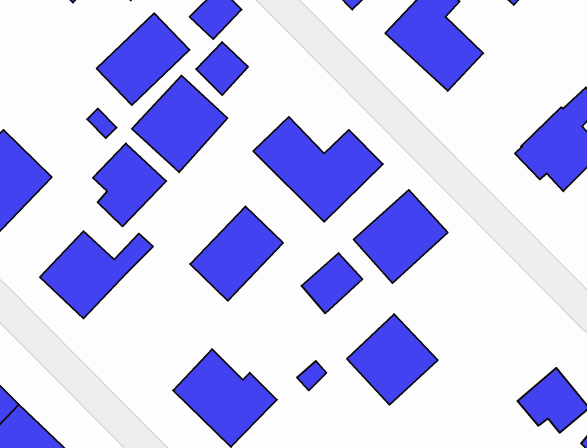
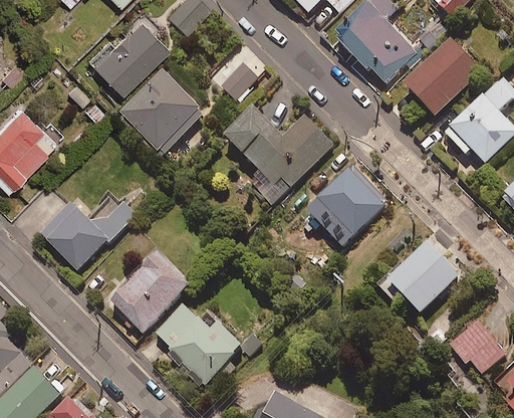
building: none -> [410,36,488,117]
building: [196,42,248,95] -> [213,56,257,101]
building: [93,143,166,226] -> none
building: [190,206,283,301] -> [109,253,189,334]
building: [301,253,362,313] -> none
building: [347,314,438,405] -> [384,238,462,316]

